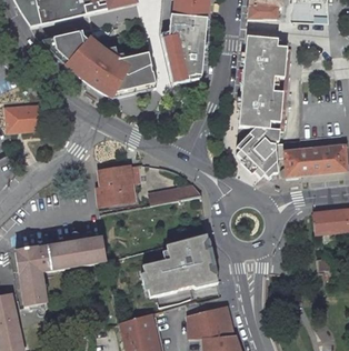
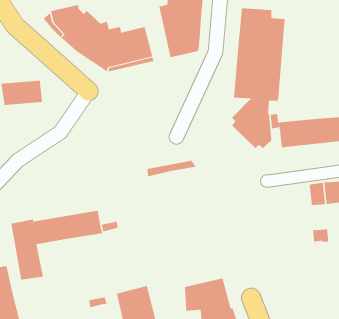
building: [98,166,141,207] -> none
building: [141,233,217,295] -> none

